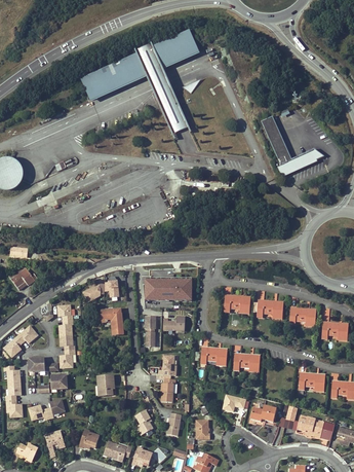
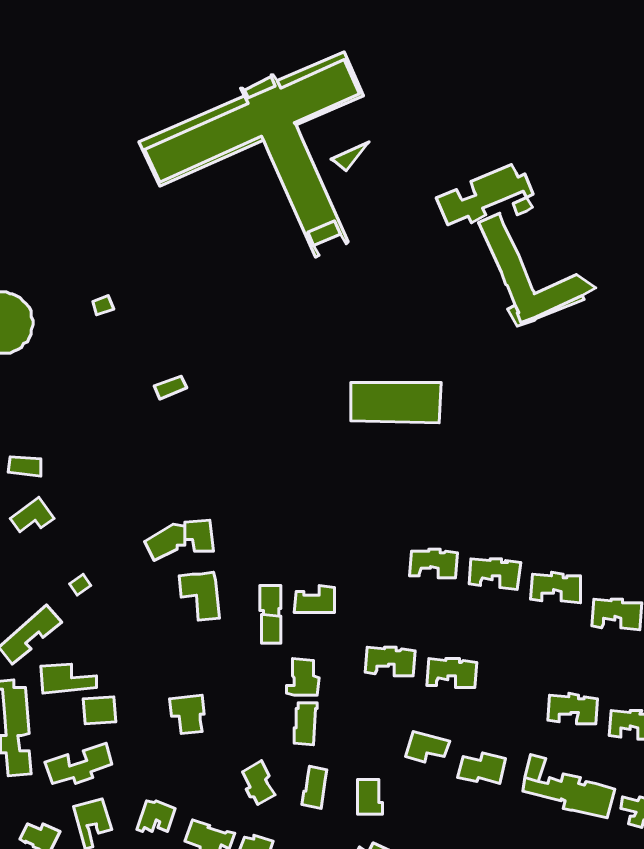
building: none -> [436,164,533,225]
building: [145,280,193,301] -> [351,383,441,423]
building: [56,305,75,369] -> none

